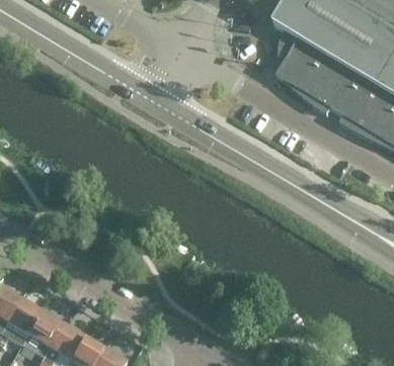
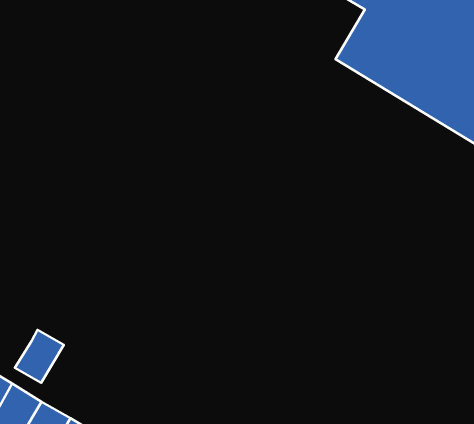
building: none -> [15,330,64,383]

